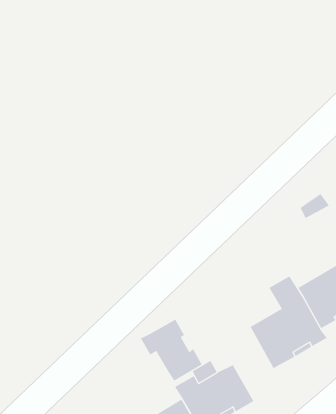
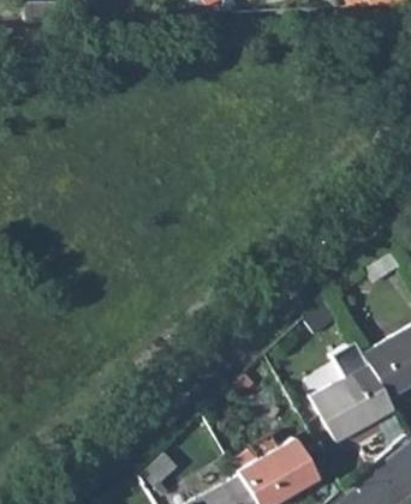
building: [140,319,202,381] -> none

